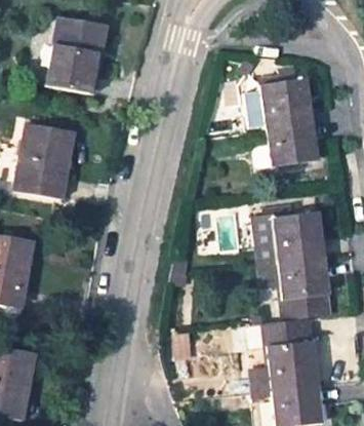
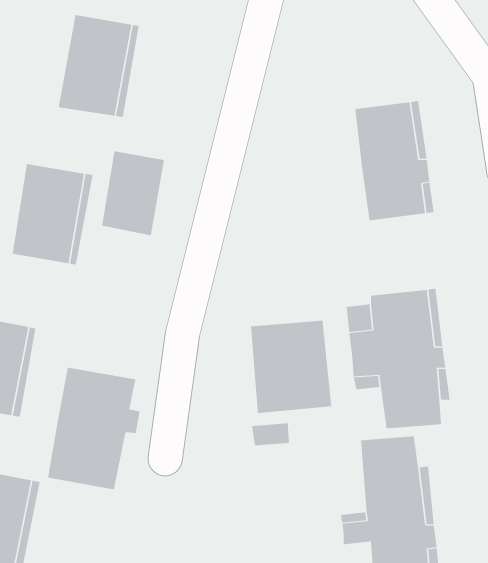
building: none -> [101,151,164,236]
building: none -> [251,320,332,414]
building: none -> [48,367,140,490]

